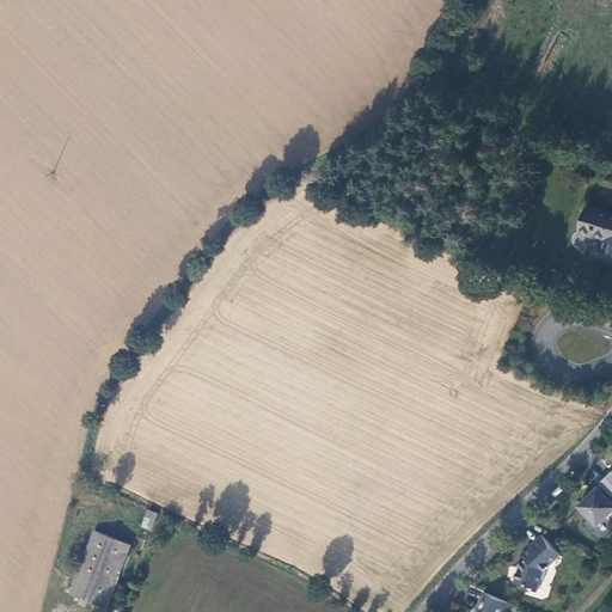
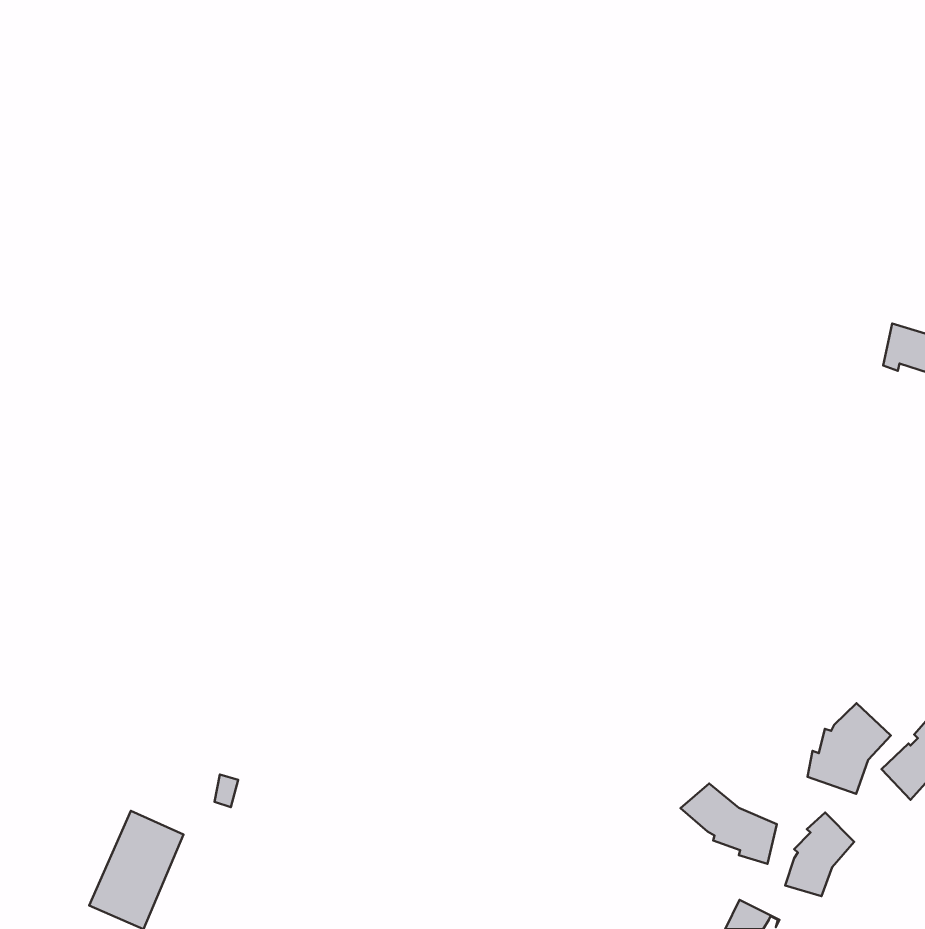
building: none -> [808,703,891,794]
building: none -> [681,783,777,864]

